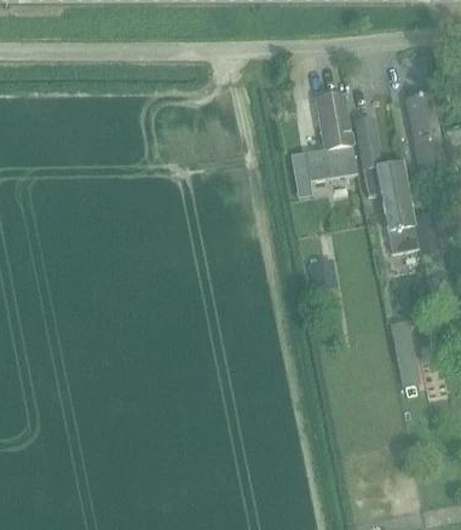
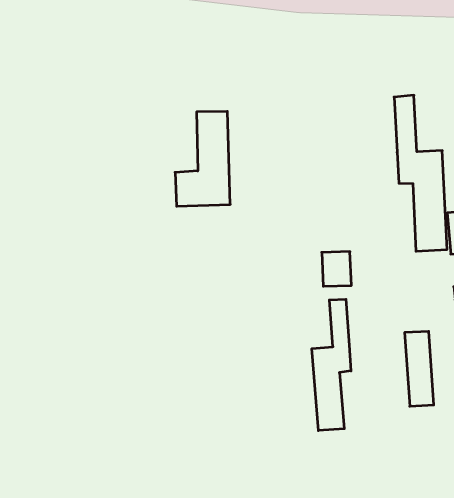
building: [305,92,356,179] -> [175,111,230,206]
building: none -> [312,299,351,431]

